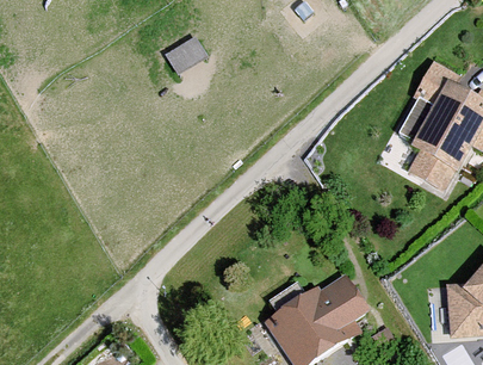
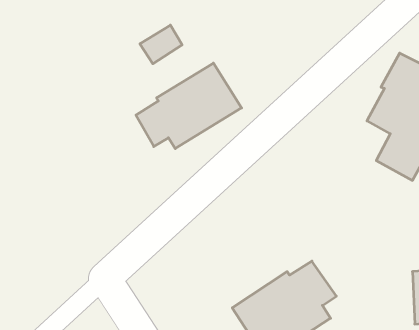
building: none -> [136,63,242,149]

